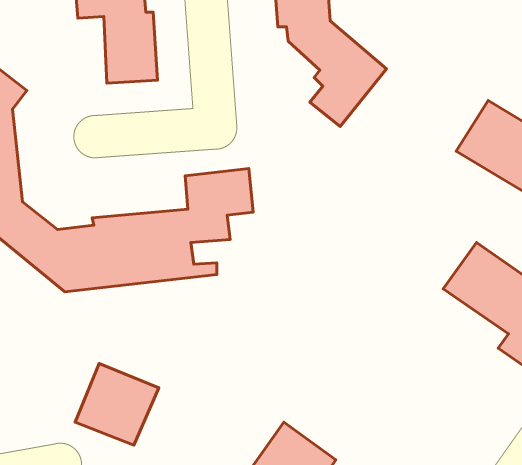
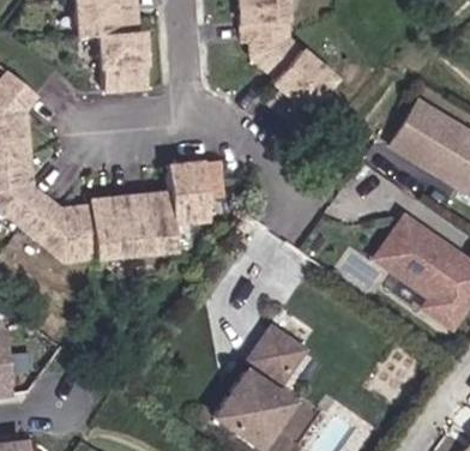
building: [75,363,159,445] -> none
building: none -> [254,327,306,379]

